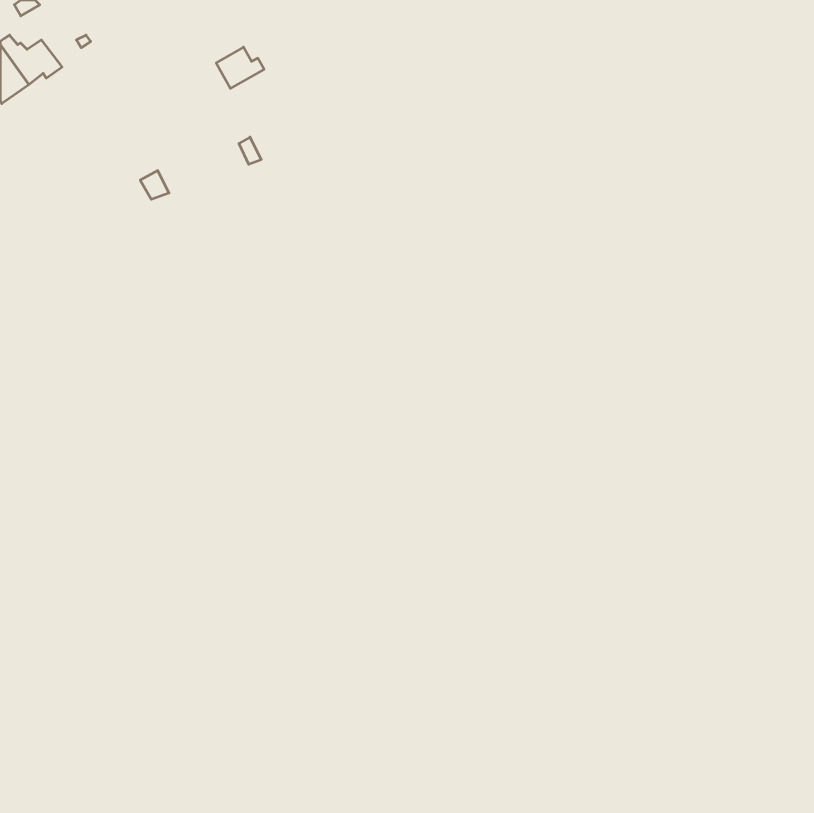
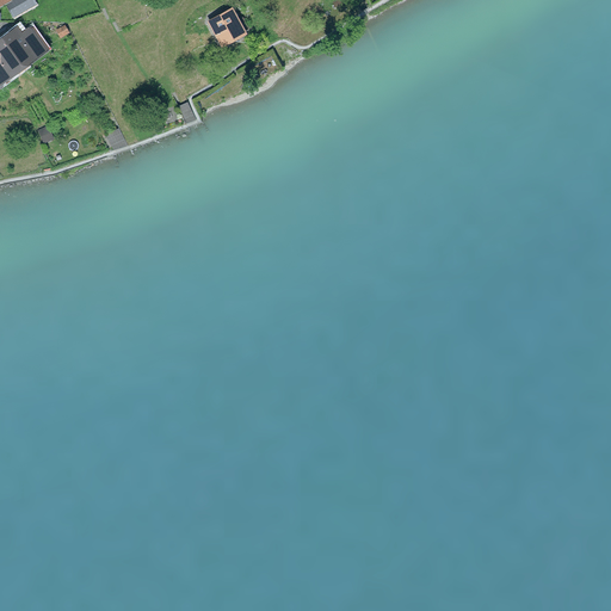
building: [216,47,264,88] -> [211,12,247,43]

